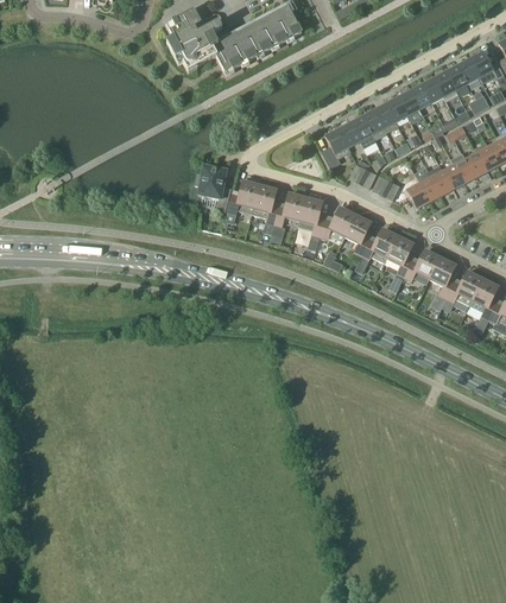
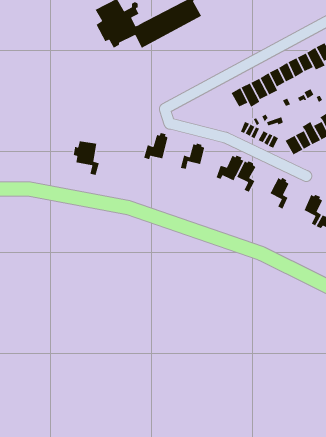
building: [321,128,350,167] -> none
building: [195,165,229,210] -> [73,140,100,176]
building: [252,183,278,224] -> none
building: [298,196,324,236] -> none
building: [361,228,398,262] -> none
building: [404,249,439,280] -> none

